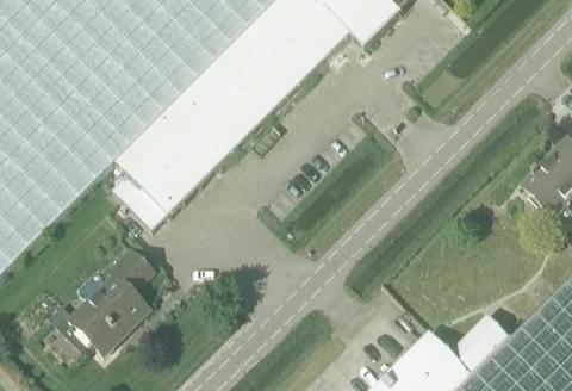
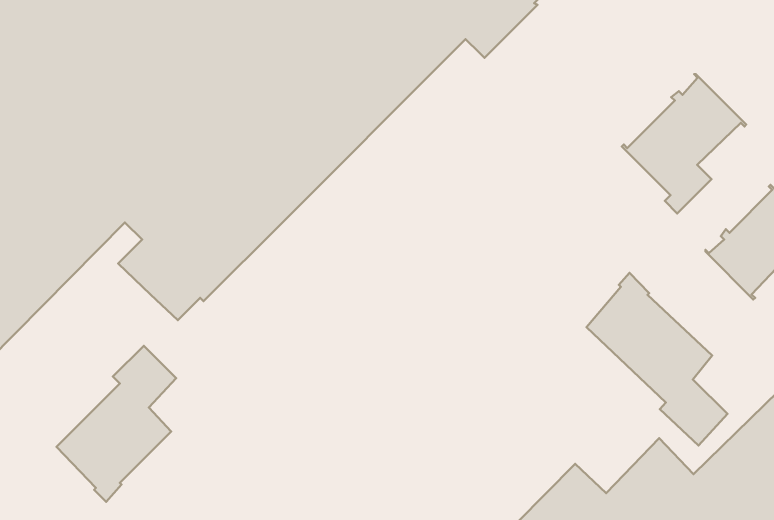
building: none -> [622,74,746,213]
building: none -> [586,273,727,446]

